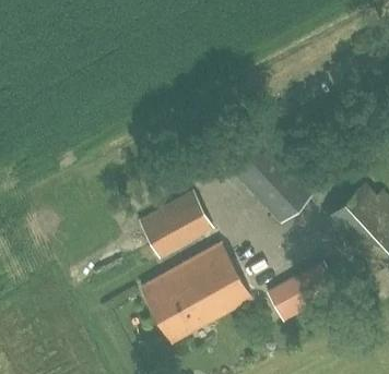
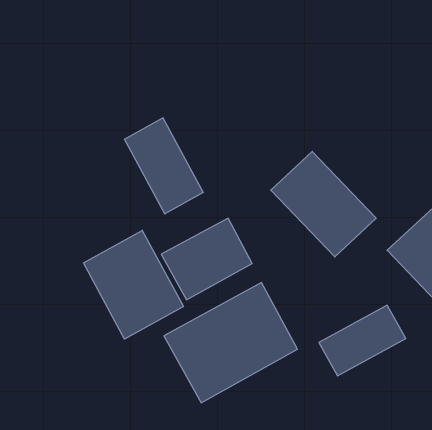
building: none -> [125,118,203,214]
building: none -> [83,230,183,339]

